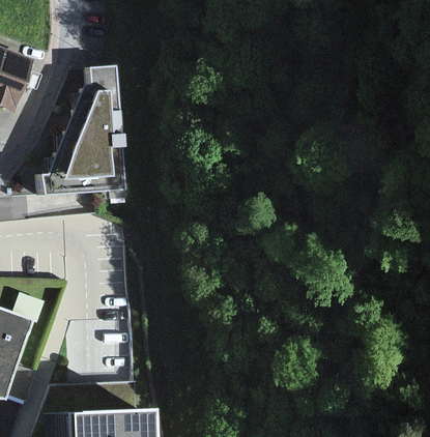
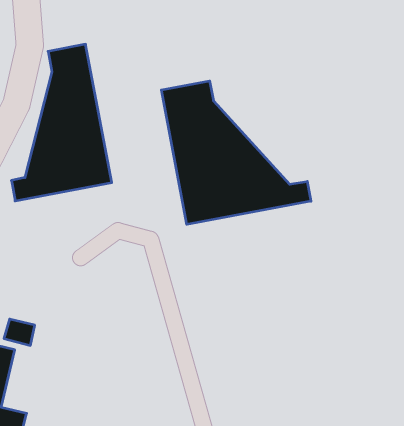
building: none -> [161,81,311,224]

